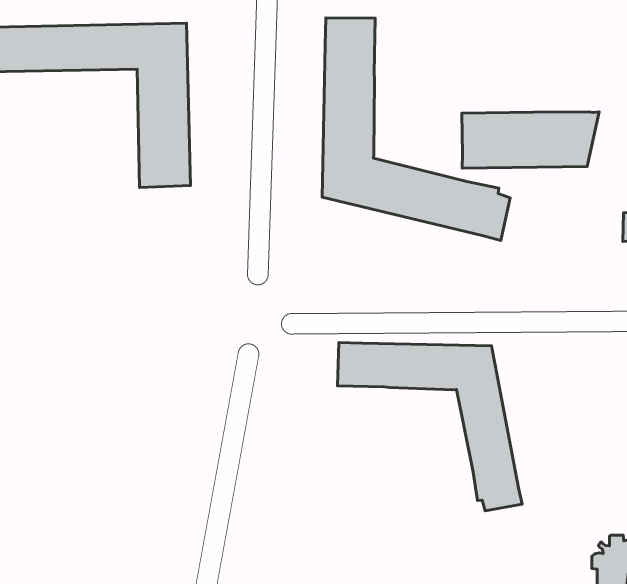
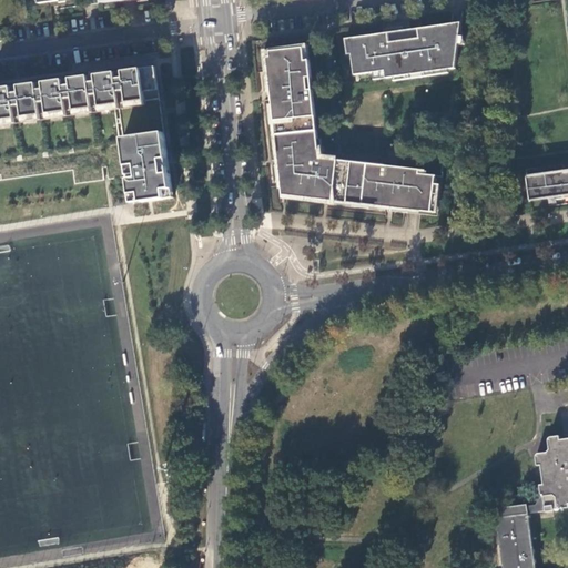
building: [462,112,599,168] -> [347,22,458,81]
building: [337,343,522,511] -> none

